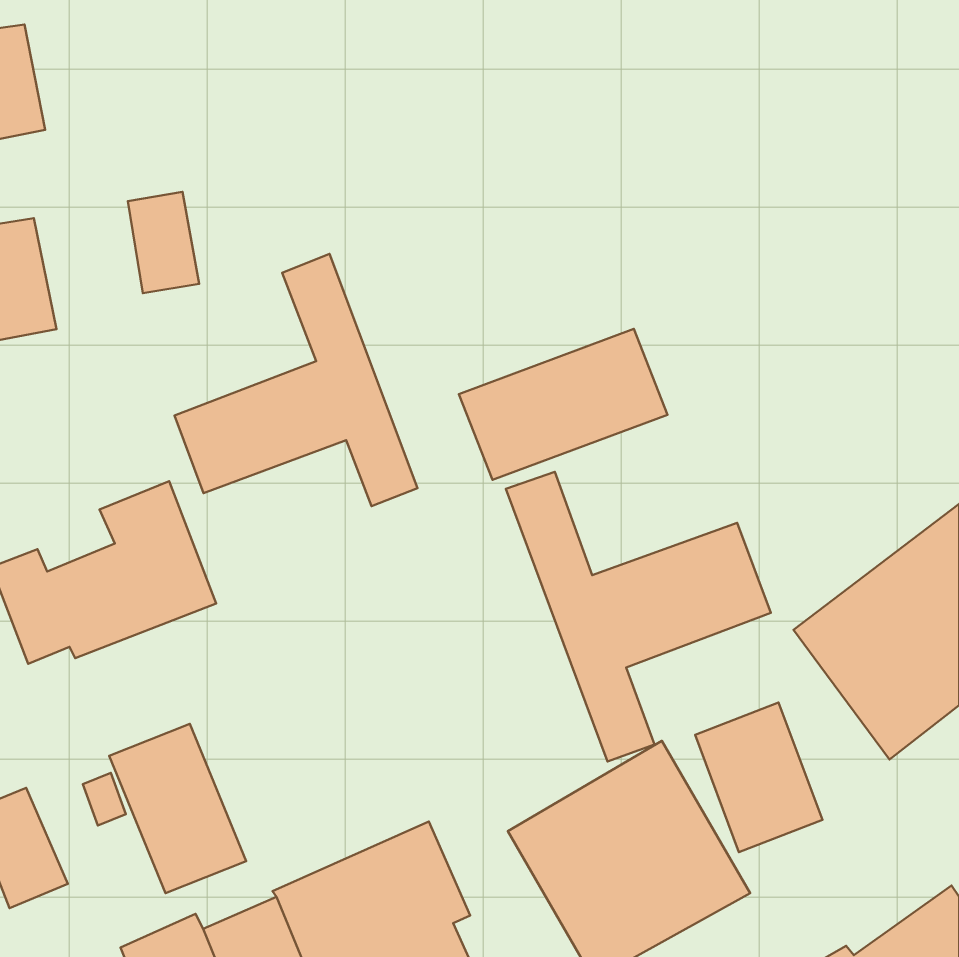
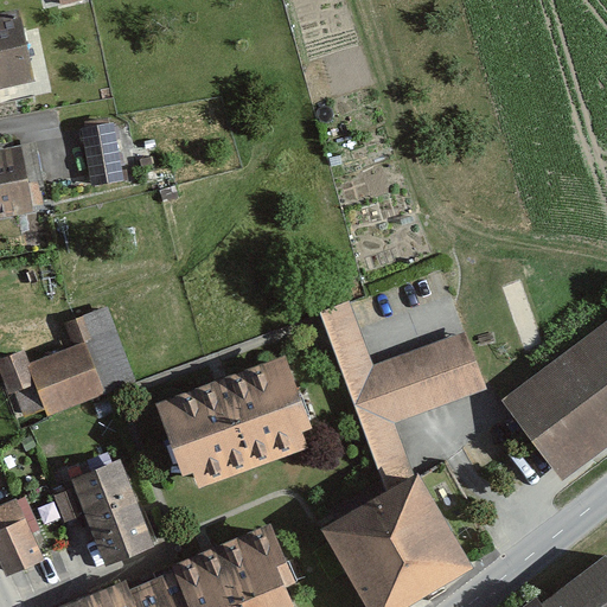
building: [174,254,418,506] -> none
building: [459,329,667,480] -> none
building: none -> [155,353,312,488]
building: [695,703,822,852] -> none

